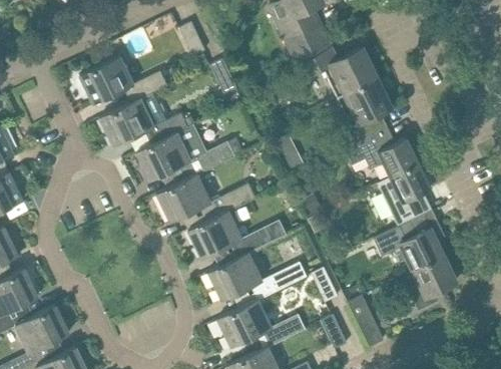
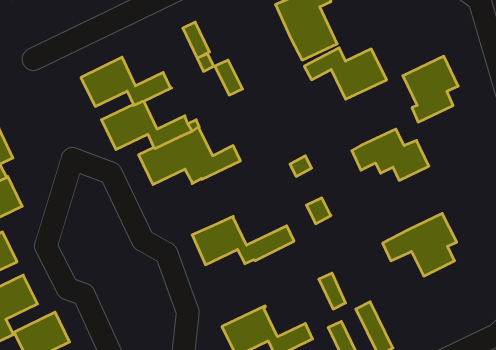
building: [338,78,392,142] -> [403,56,458,122]
building: [379,162,432,225] -> none
building: [157,174,257,223] -> none
building: [208,254,308,302] -> none
building: [409,255,457,310] -> none

